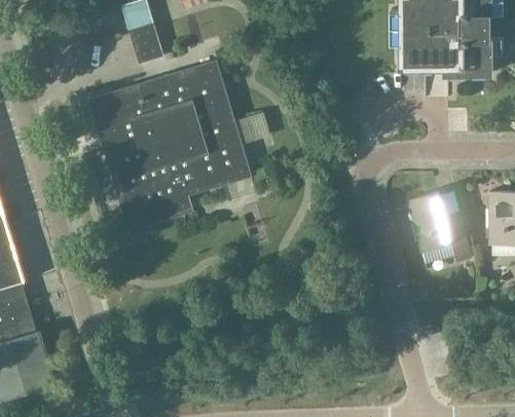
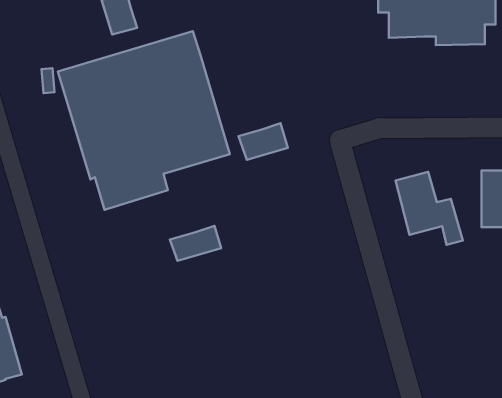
building: none -> [238,123,288,160]
building: none -> [170,226,221,261]

